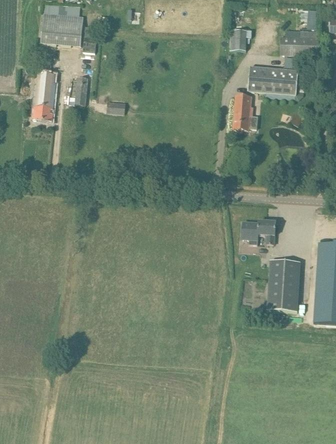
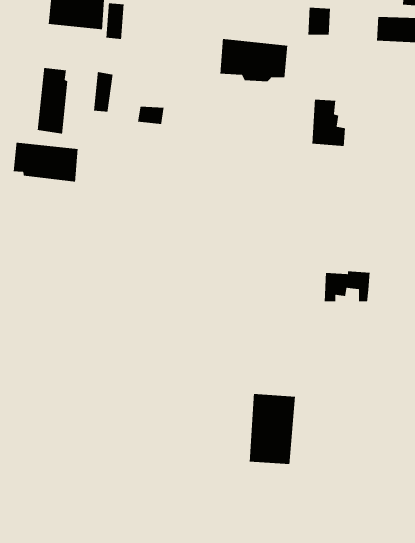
building: [248,65,298,97] -> [219,38,288,82]
building: none -> [13,142,78,182]
building: [267,259,301,311] -> [249,393,296,465]

